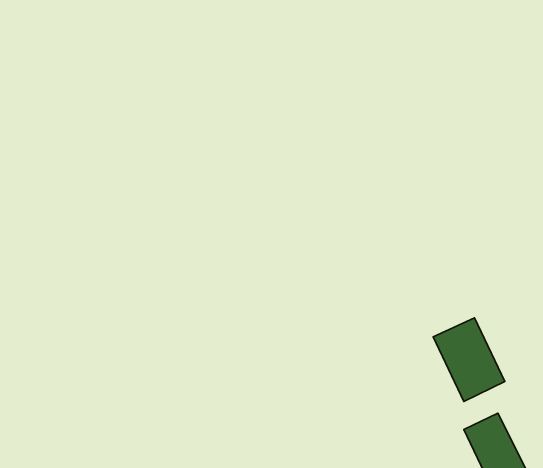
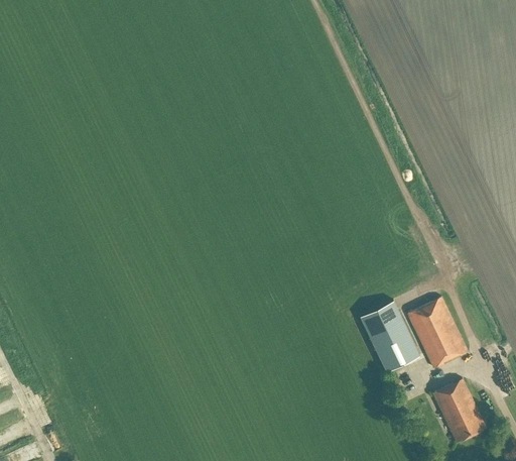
building: none -> [360,302,419,372]

